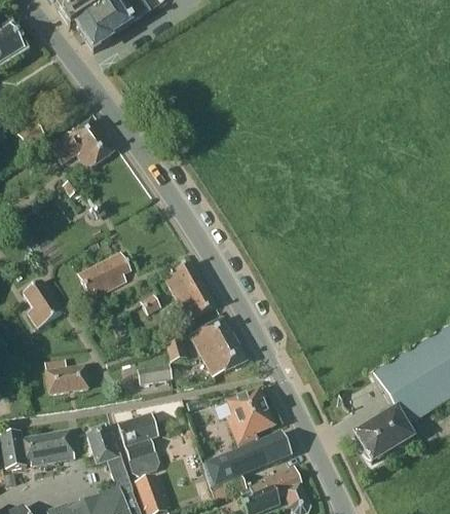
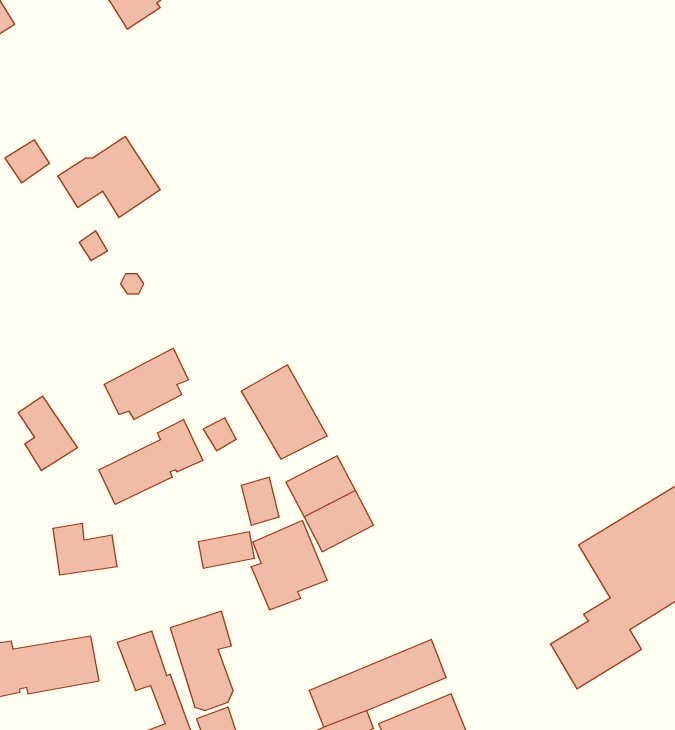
building: none -> [99,419,203,504]
building: [226,389,273,444] -> [251,521,327,610]

